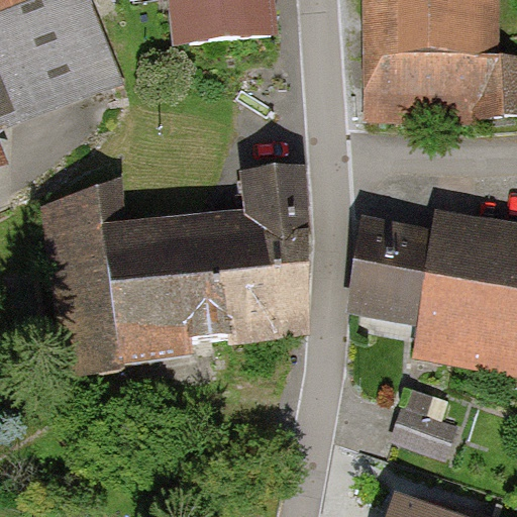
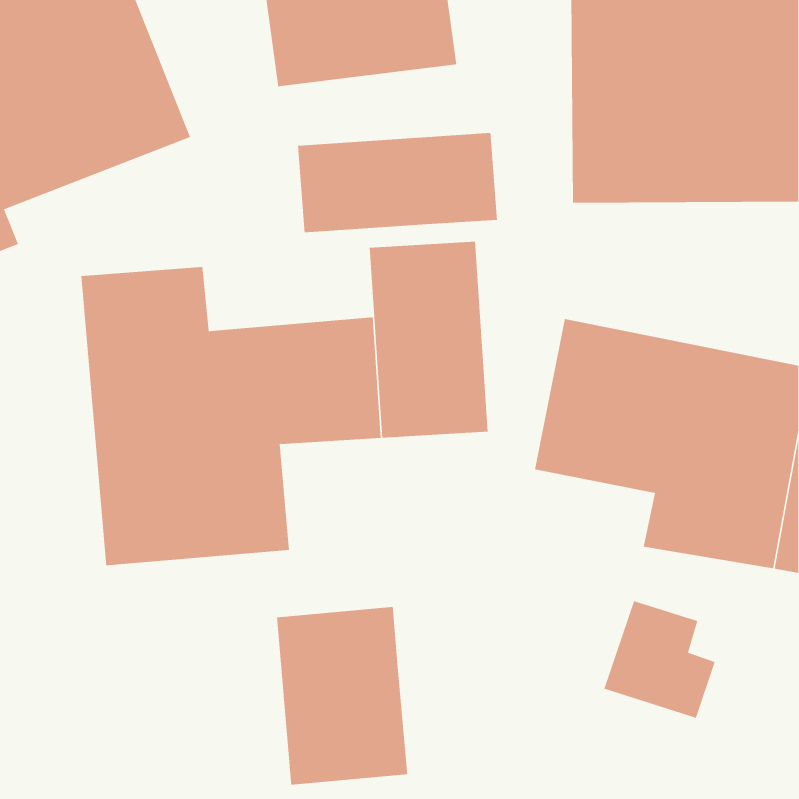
building: none -> [297,132,497,233]
building: [184,279,317,352] -> none
building: none -> [277,606,408,786]

